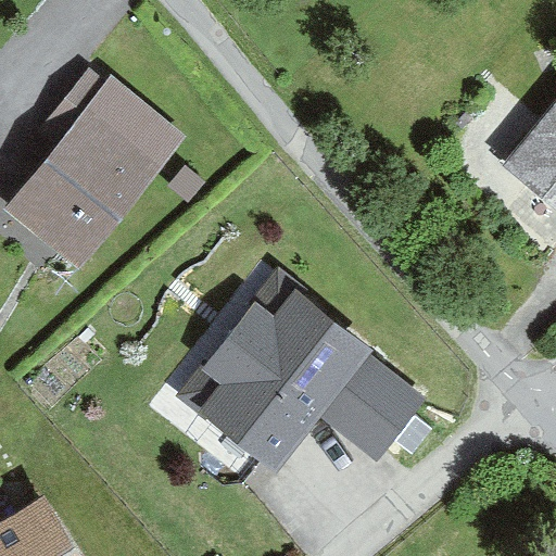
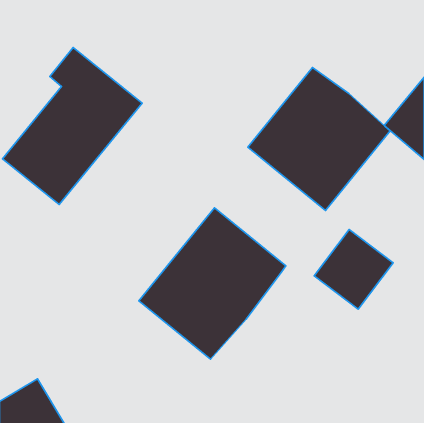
building: none -> [248,68,390,210]
building: [321,358,425,463] -> [314,229,393,309]

